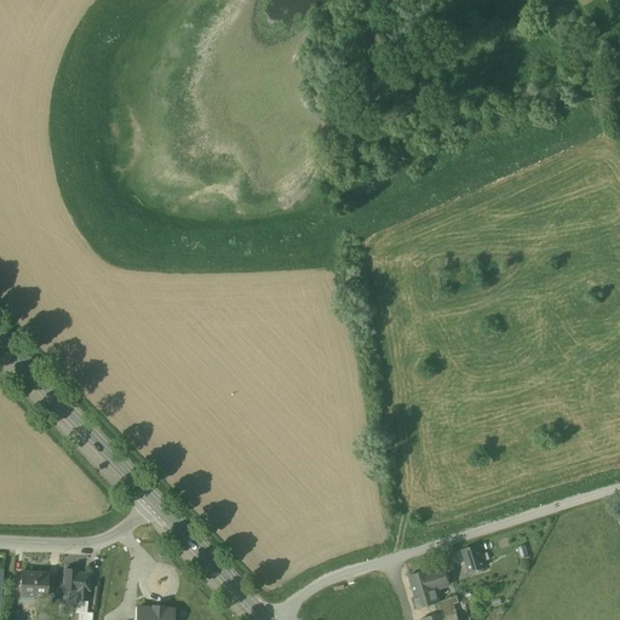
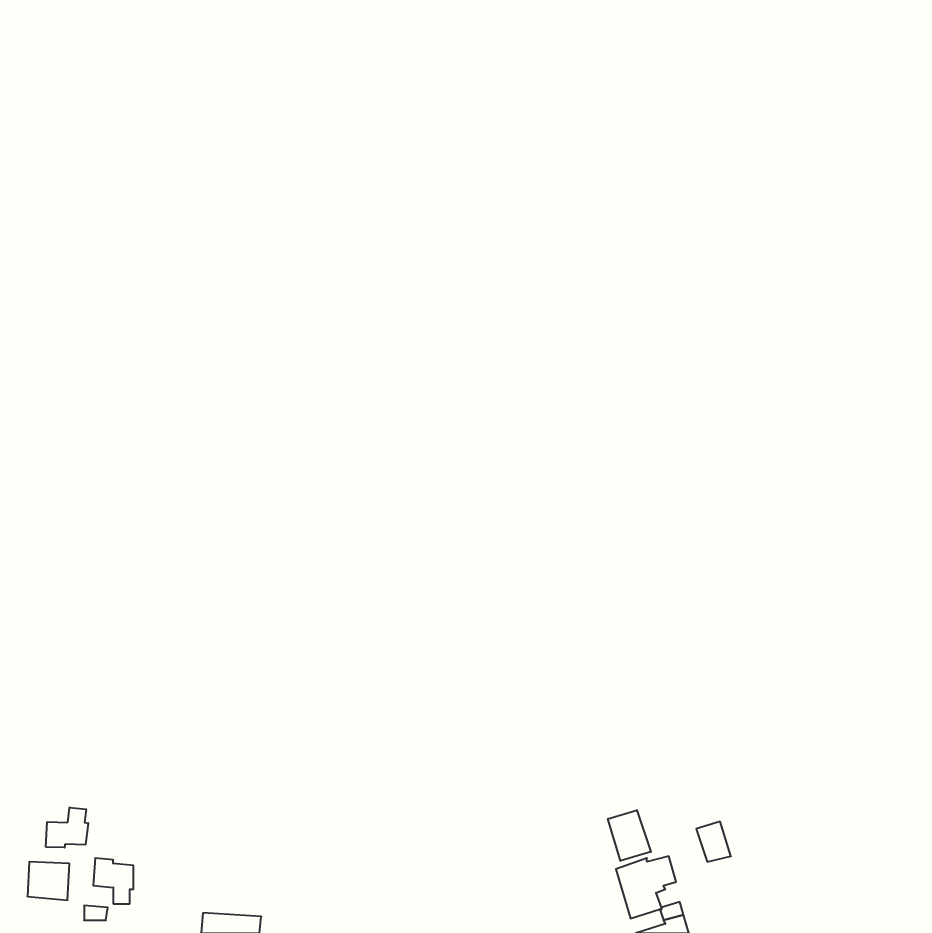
building: none -> [46,807,88,848]
building: none -> [608,810,651,861]

